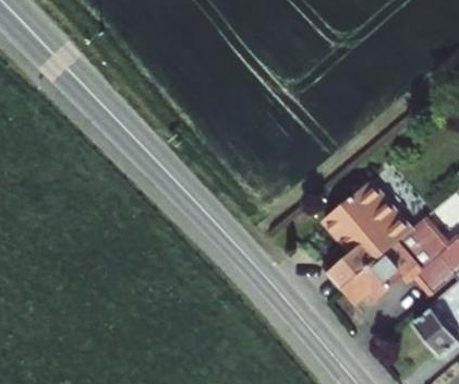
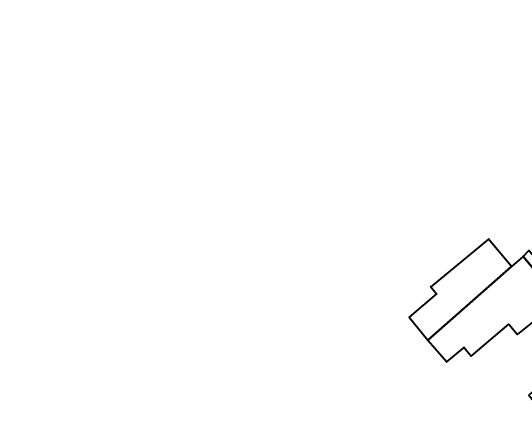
building: [330,193,389,248] -> none

